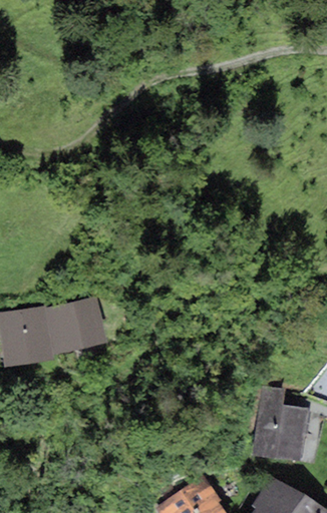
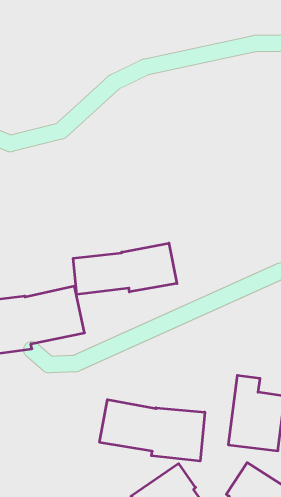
building: none -> [73,243,177,295]
building: none -> [100,400,205,461]

